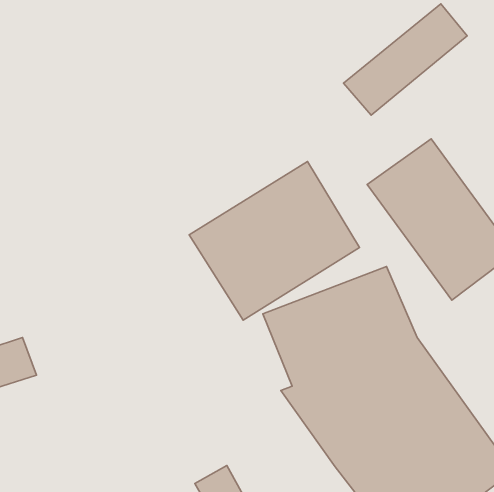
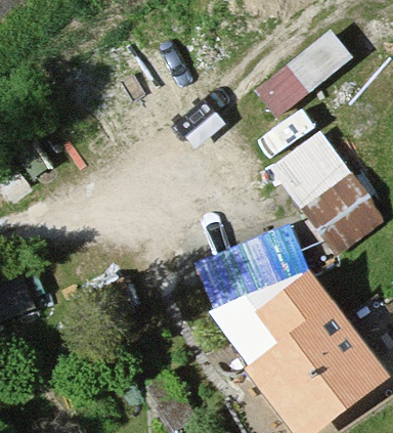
building: [189,161,360,320] -> none

